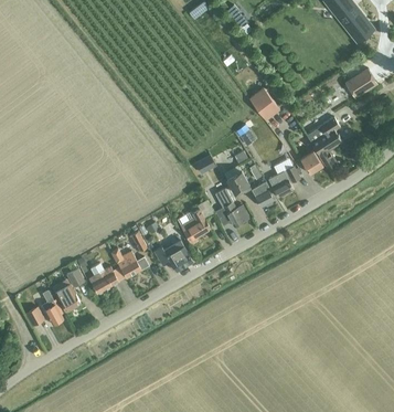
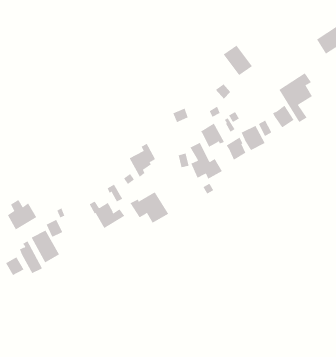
building: [180,209,207,244] -> [129,143,156,177]
building: [87,262,118,294] -> [7,199,37,230]

